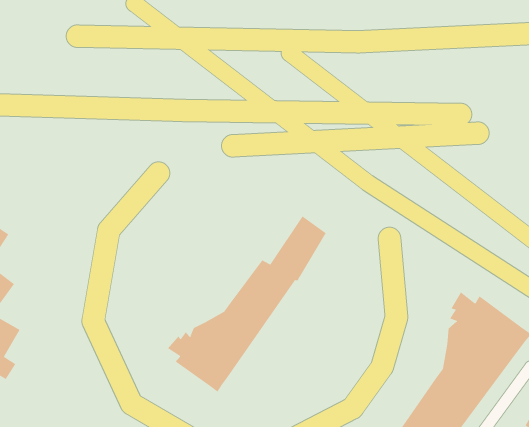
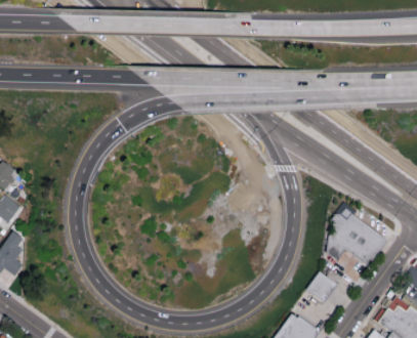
building: [167,216,326,392] -> none

